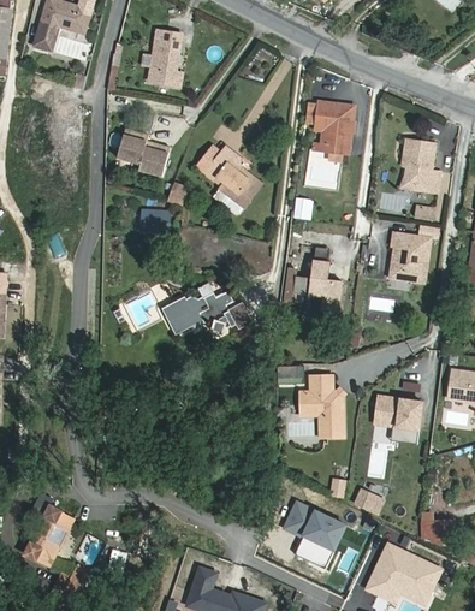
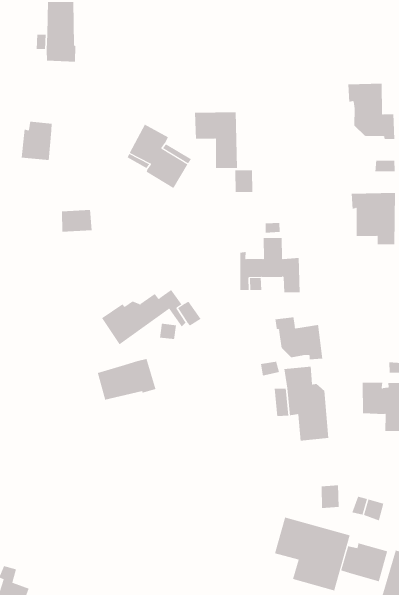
building: [314,102,352,155] -> [194,112,238,169]
building: [138,141,166,177] -> none
building: none -> [275,317,323,360]
building: none -> [97,358,156,401]
building: none -> [341,542,388,582]

